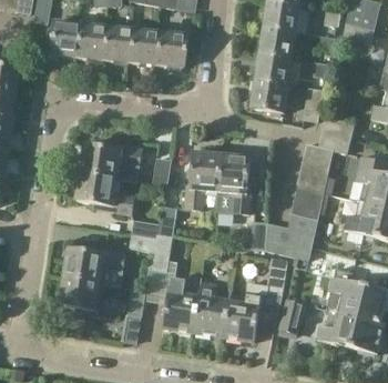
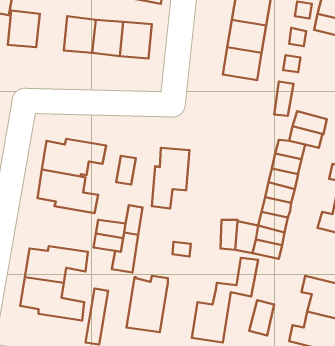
building: [74,22,104,58] -> none
building: [251,81,288,113] -> none
building: [217,154,255,214] -> none
building: [194,283,231,336] -> none

